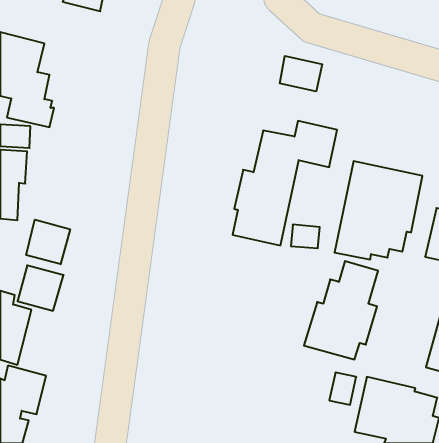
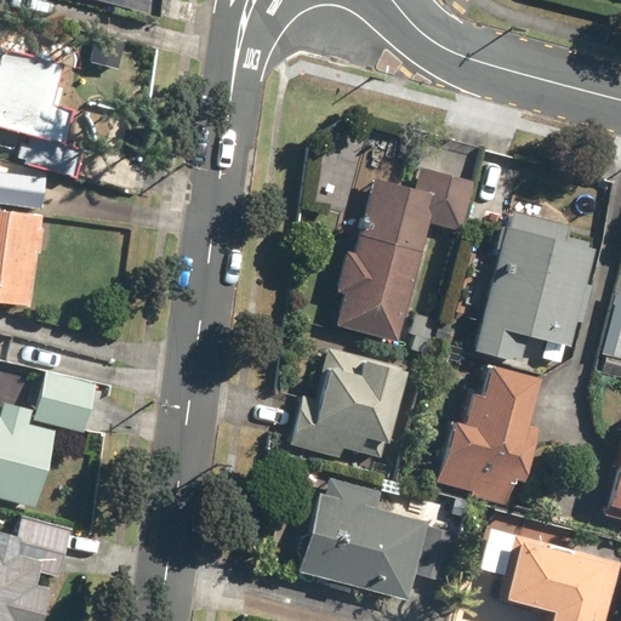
building: [280,56,322,91] -> none
building: [26,220,70,264] -> none
building: none -> [291,351,403,467]
building: none -> [289,472,463,603]

